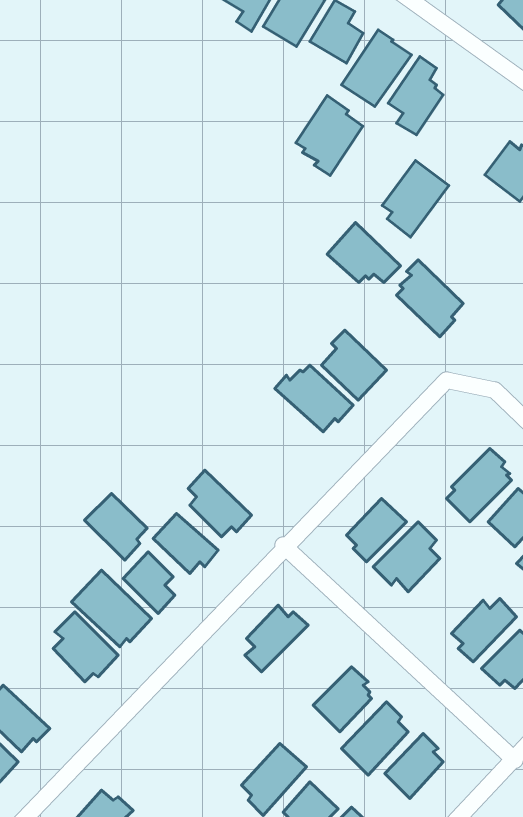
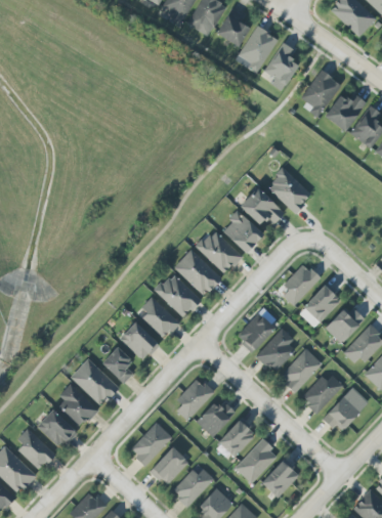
building: [296,95,363,175] -> none
building: [382,160,449,237] -> [300,70,341,117]
building: [327,223,401,283] -> [240,186,285,223]
building: none -> [174,249,222,295]
building: none -> [283,264,322,305]
building: none -> [154,274,202,316]
building: [85,494,147,560] -> none
building: none -> [282,348,323,392]
building: none -> [197,402,236,436]
building: none -> [37,409,77,445]
building: none -> [132,422,173,466]
building: none -> [148,446,188,483]

